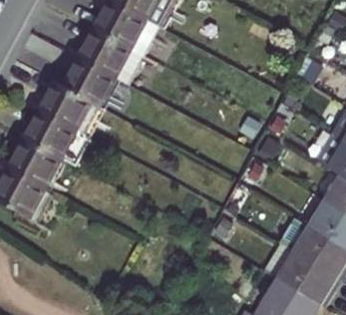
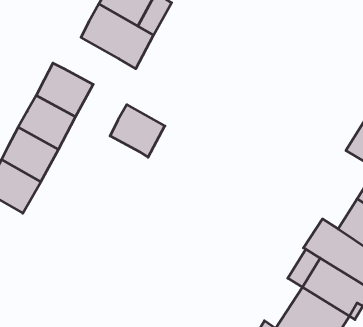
building: [61,55,110,102] -> [110,105,165,157]

